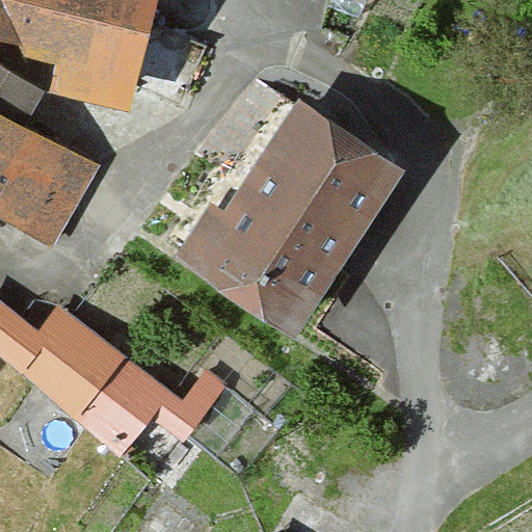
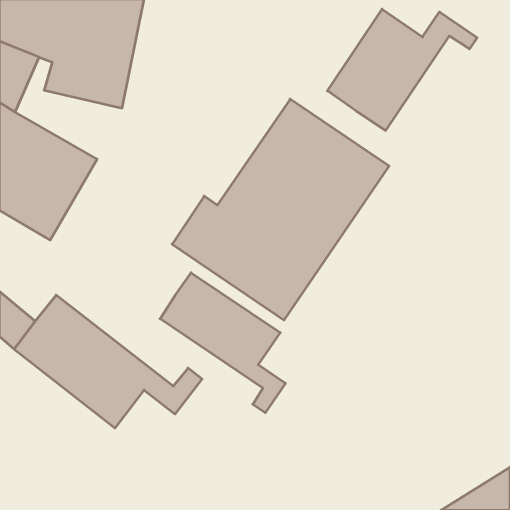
building: none -> [327,9,477,130]
building: none -> [160,273,285,413]

